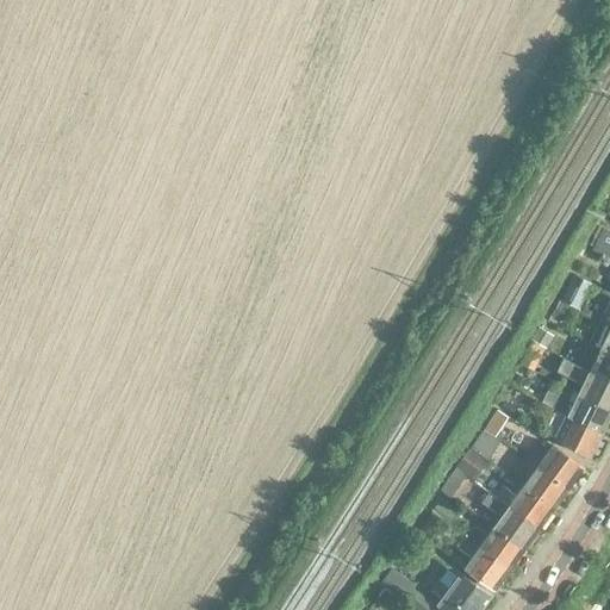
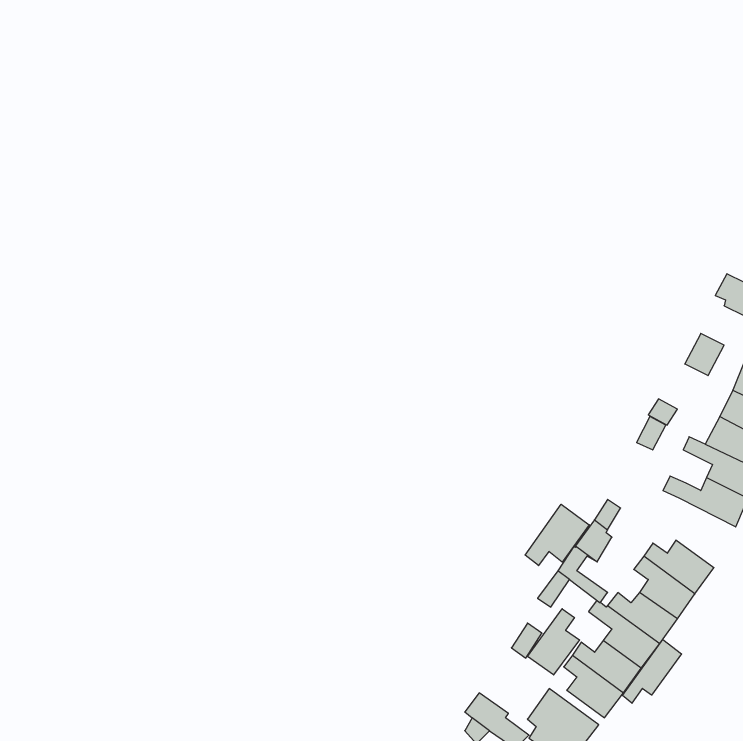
building: [544,410,603,456] -> none
building: none -> [525,504,589,566]
building: none -> [527,609,580,675]
building: none -> [622,640,682,703]

